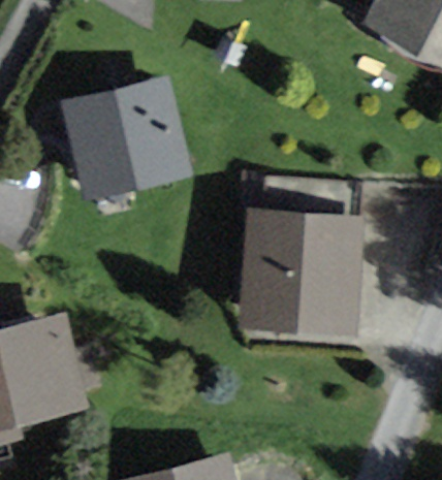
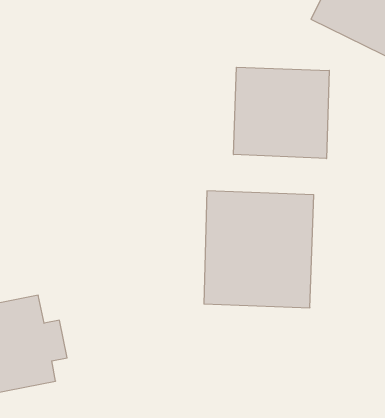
building: [62,73,194,200] -> none
building: none -> [234,67,329,159]

